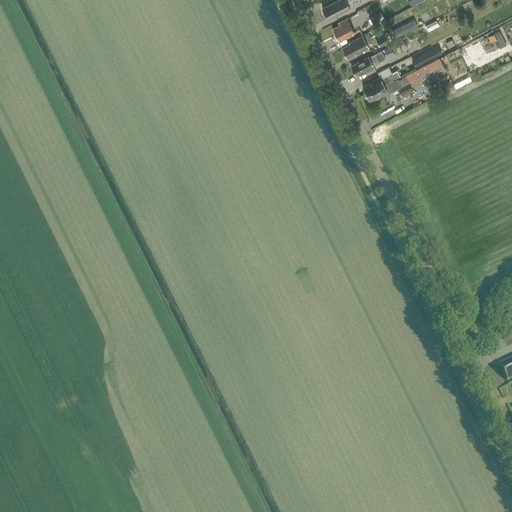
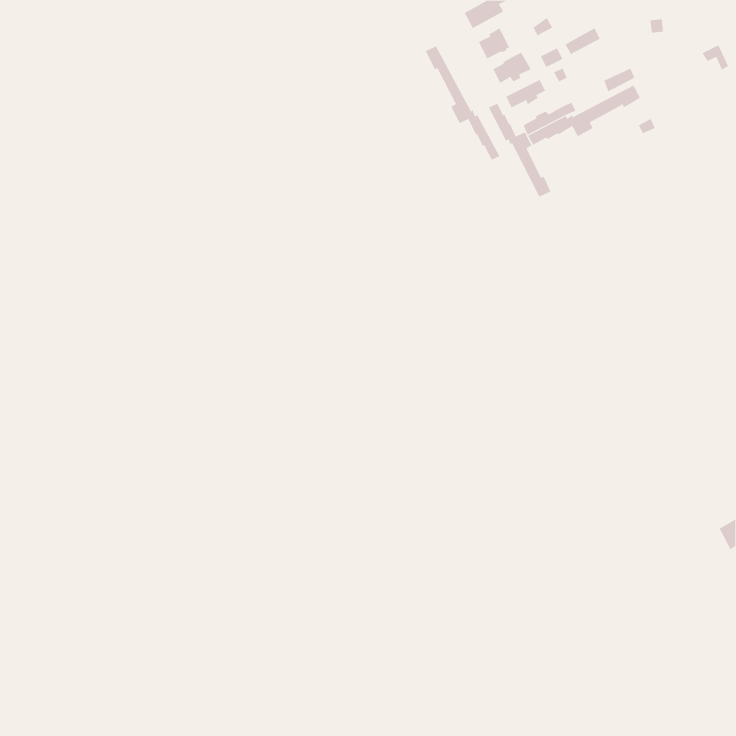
building: none -> [425,45,500,160]
building: none -> [488,103,551,197]

